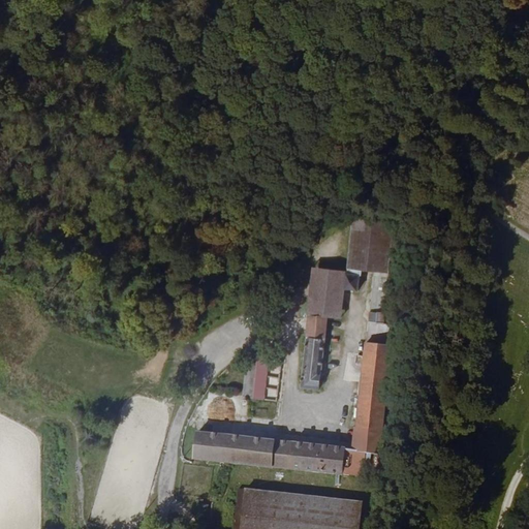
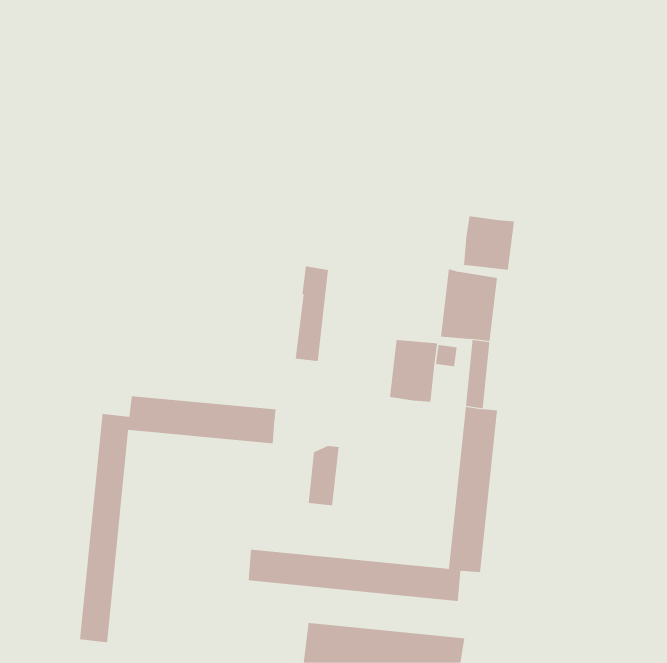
building: none -> [464,216,515,270]
building: none -> [80,395,276,643]
building: [299,313,325,388] -> [295,266,329,362]

